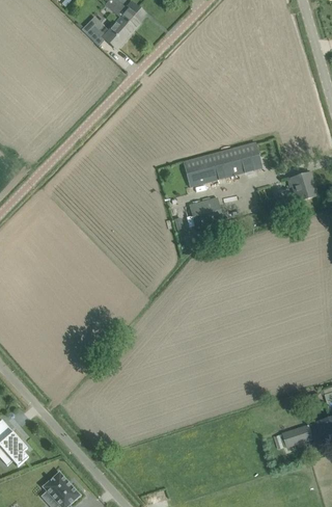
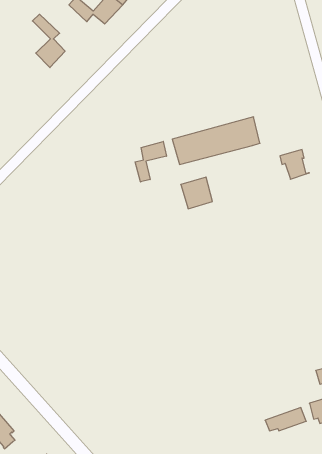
building: none -> [32,14,65,68]
building: none -> [135,141,166,182]

